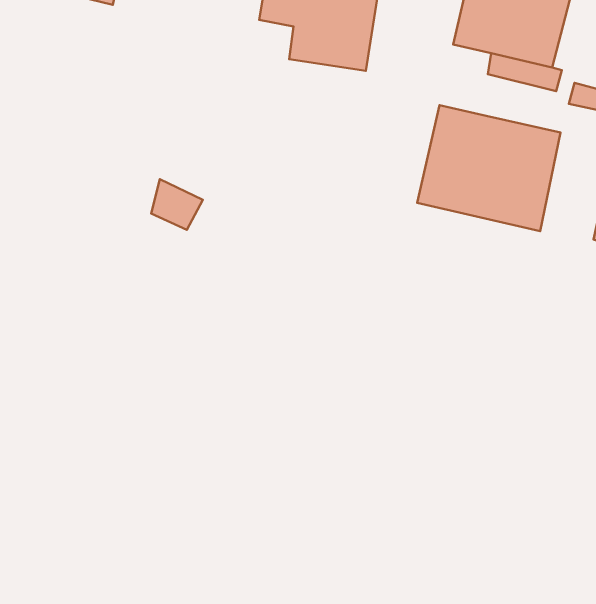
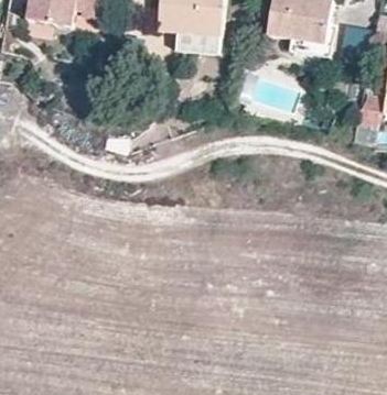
building: [417,105,560,231] -> none

